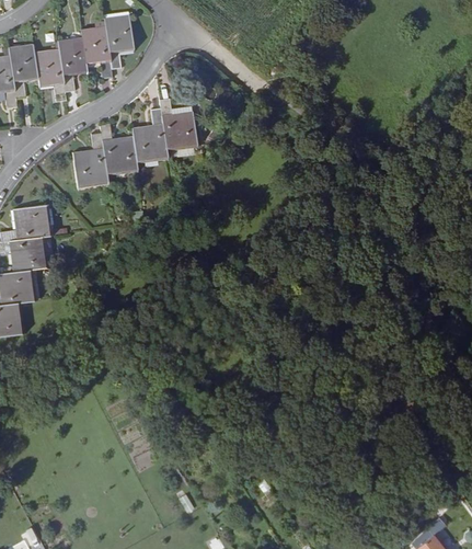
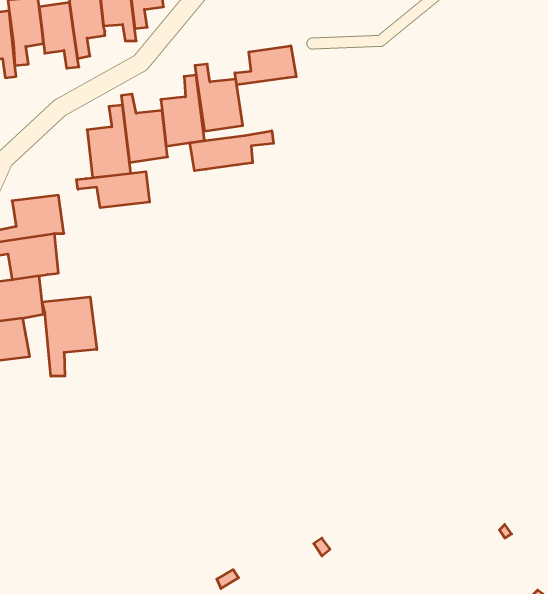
building: none -> [235,46,296,85]
building: none -> [190,131,274,171]
building: none -> [76,172,150,208]
building: none -> [42,297,97,376]

